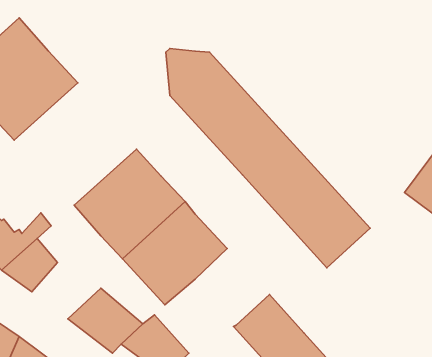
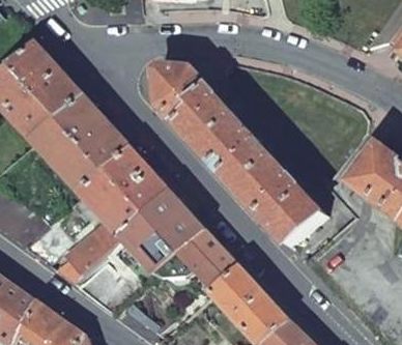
building: none -> [30,92,130,192]
building: none -> [49,217,118,280]
building: none -> [177,227,237,289]

